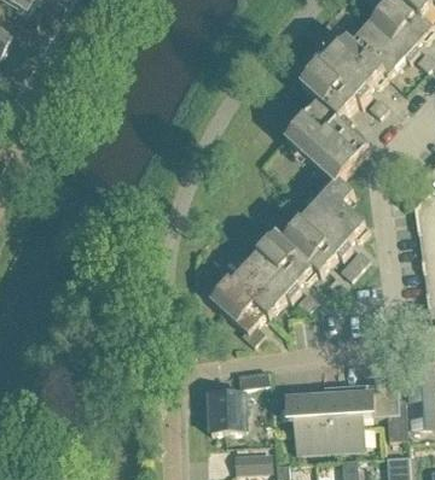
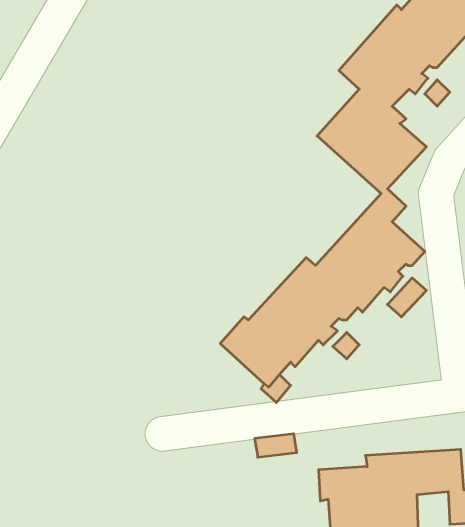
building: [209,391,245,433] -> none

